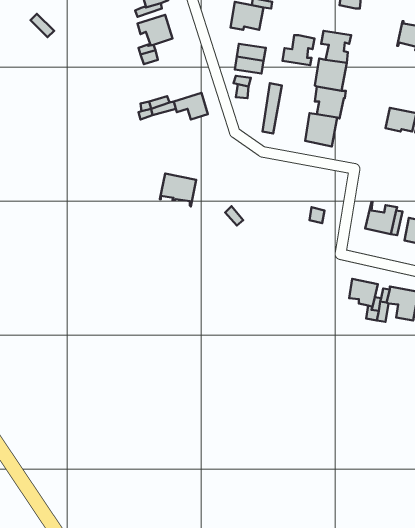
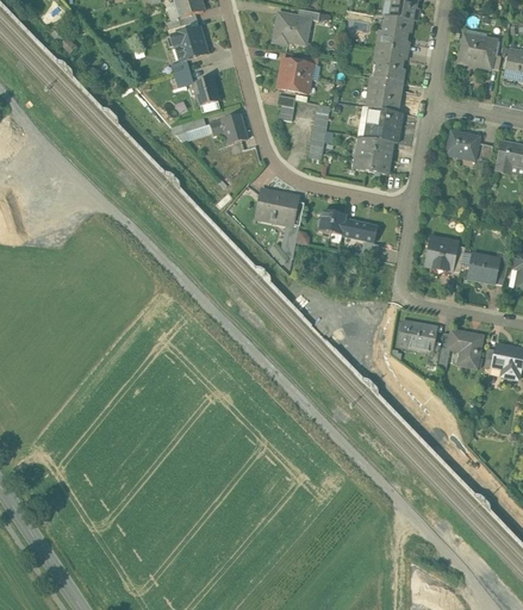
building: [282,35,315,65] -> [376,15,412,49]
building: none -> [192,77,219,106]
building: [160,173,196,206] -> [257,187,298,224]
building: none -> [318,208,376,239]

